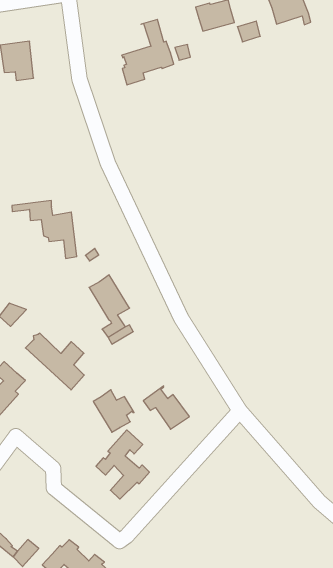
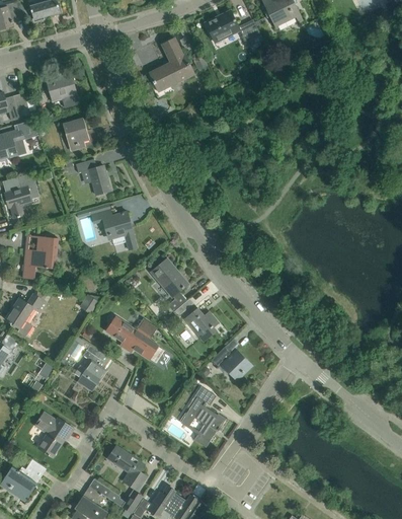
building: none -> [62,118,92,151]
building: none -> [75,159,110,195]
building: [93,390,134,432] -> [183,307,219,343]
building: none -> [107,445,146,491]

